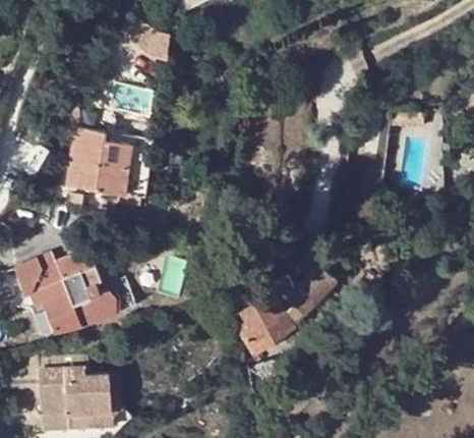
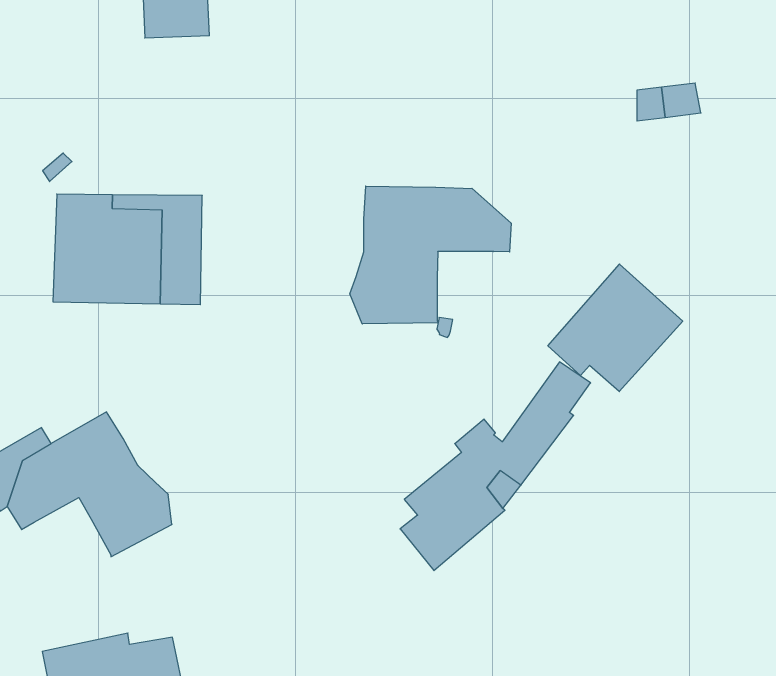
building: none -> [350,186,511,324]
building: none -> [548,264,683,392]
building: [42,293,80,335] -> none

